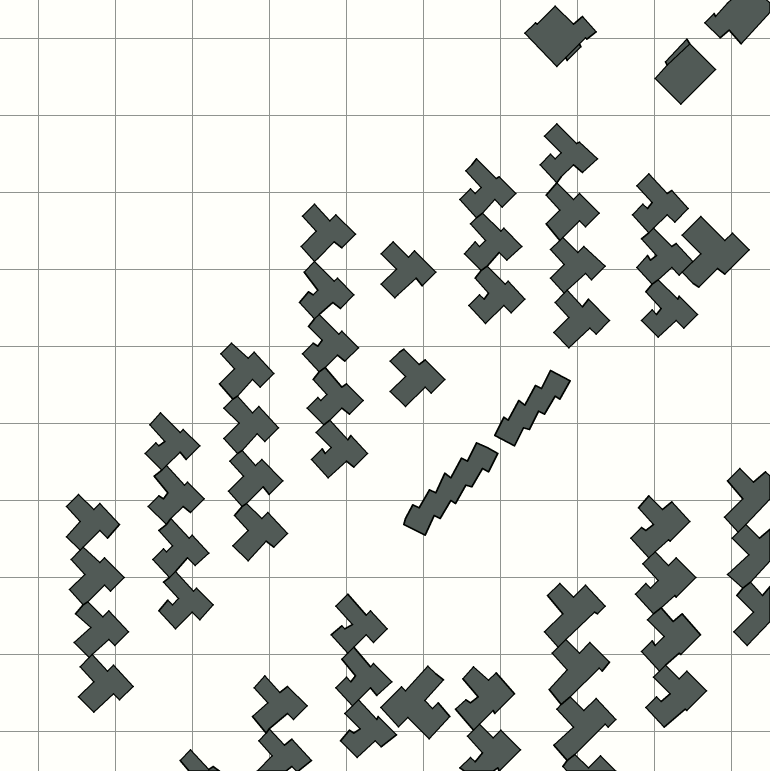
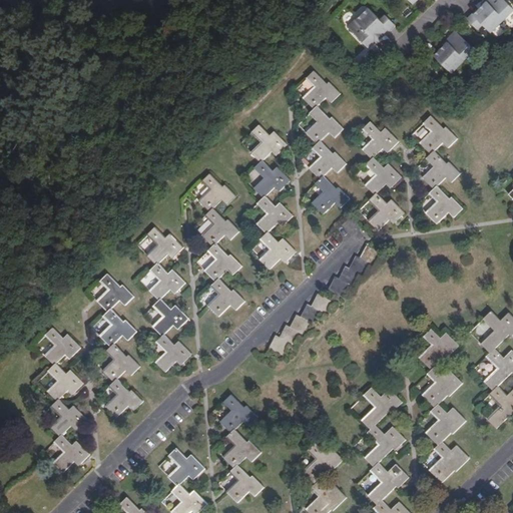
building: [540,124,598,183] -> [302,70,340,109]
building: [301,204,356,262] -> [249,124,286,162]
building: [682,217,749,287] -> none
building: none -> [255,195,292,233]
building: [381,666,450,739] -> none

